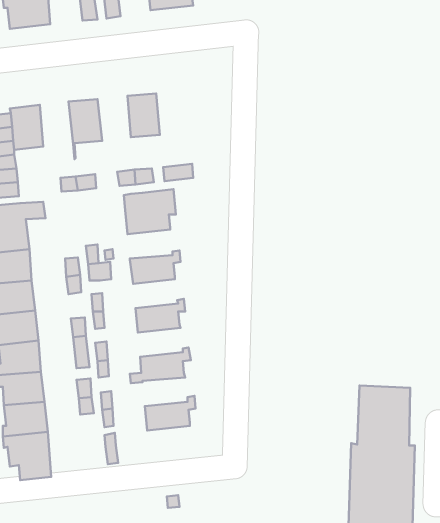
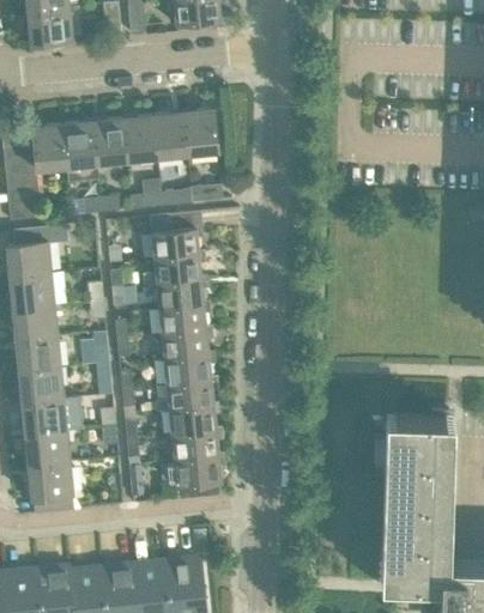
building: none -> [183,108,218,154]
building: none -> [122,114,157,160]
building: none -> [62,120,98,182]
building: none -> [141,249,206,286]
building: none -> [159,301,211,334]
building: none -> [164,350,216,384]
building: none -> [169,400,222,436]
building: none -> [174,451,226,498]

